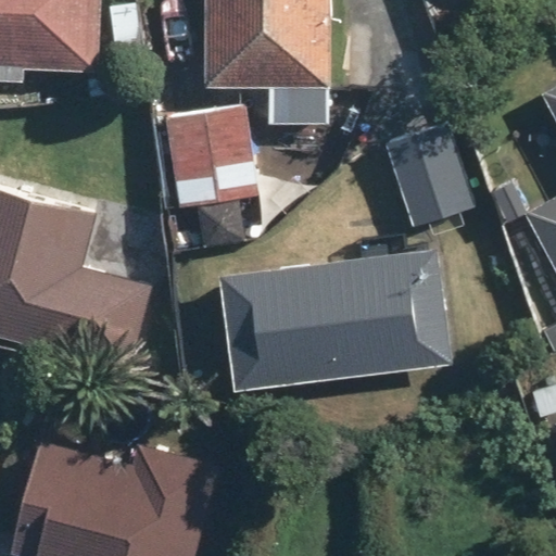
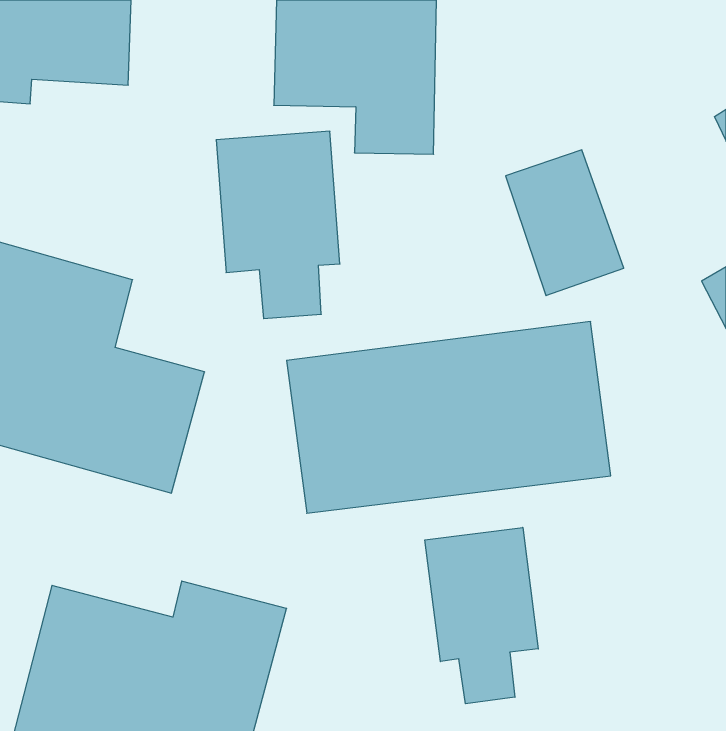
building: none -> [425,527,538,704]

